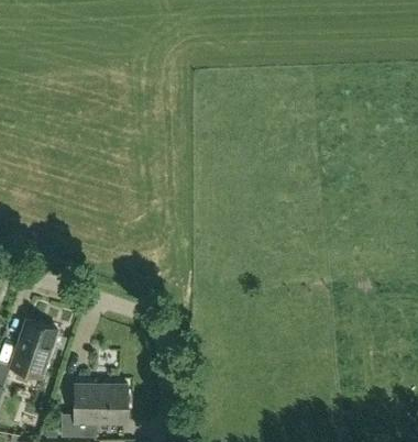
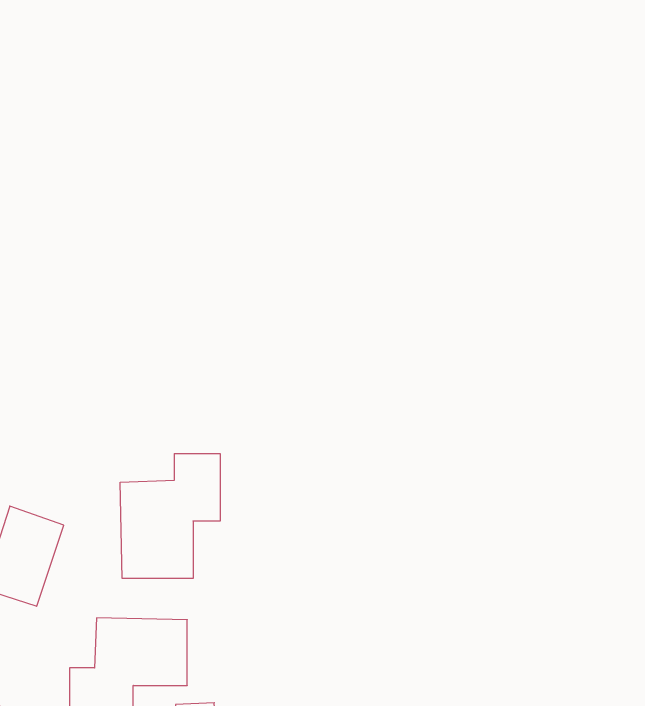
building: none -> [120,454,220,578]

